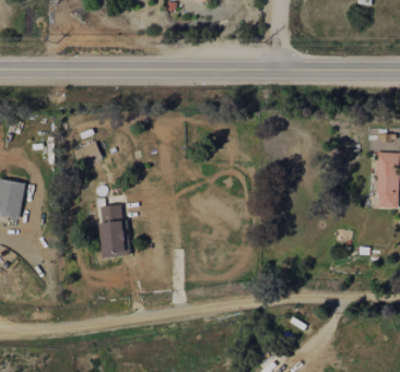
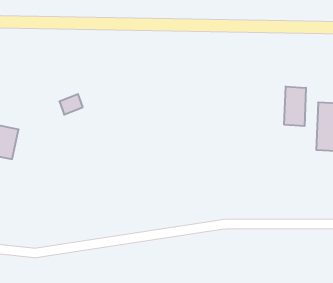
building: none -> [284,86,306,126]
building: [99,205,129,257] -> none

